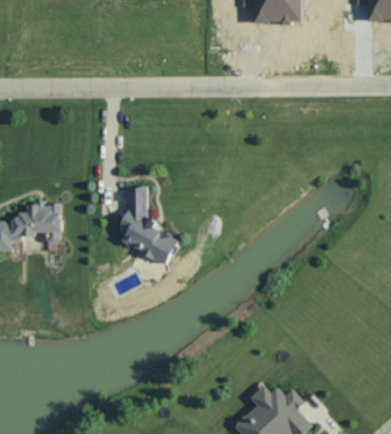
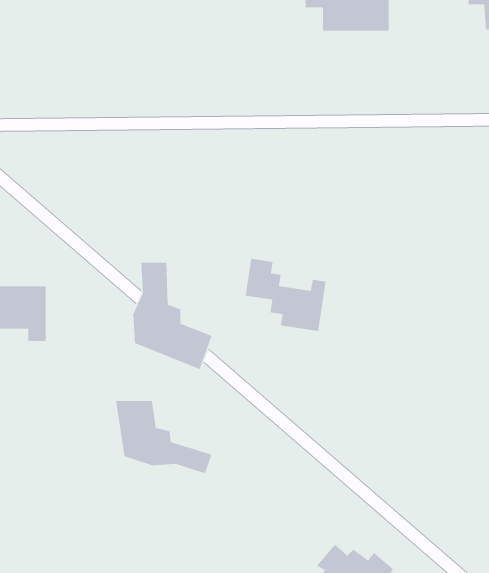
building: none -> [245,258,327,332]
building: none -> [115,400,213,474]

